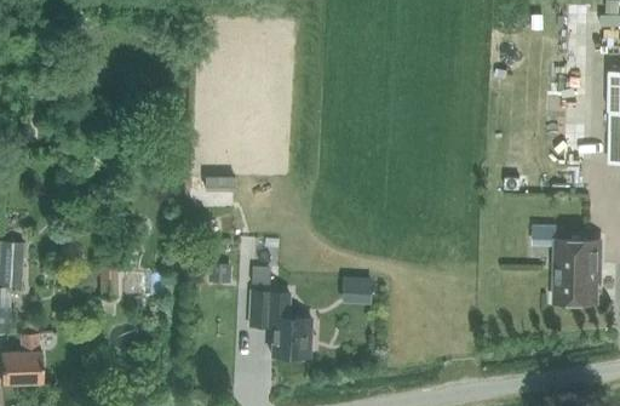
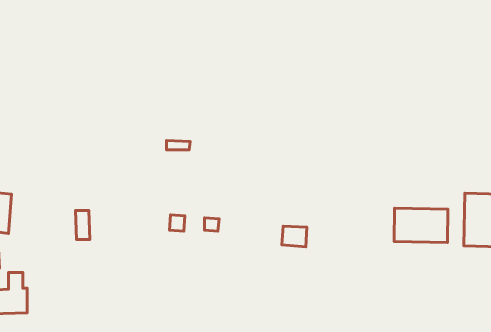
building: none -> [394,208,448,243]
building: [249,292,311,358] -> none

